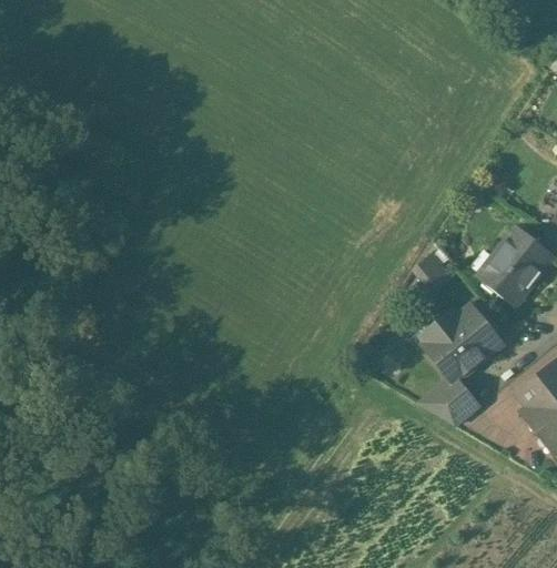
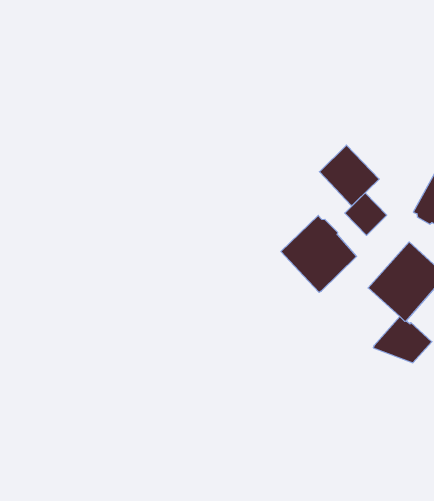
building: none -> [319,145,379,206]
building: none -> [281,215,357,292]

